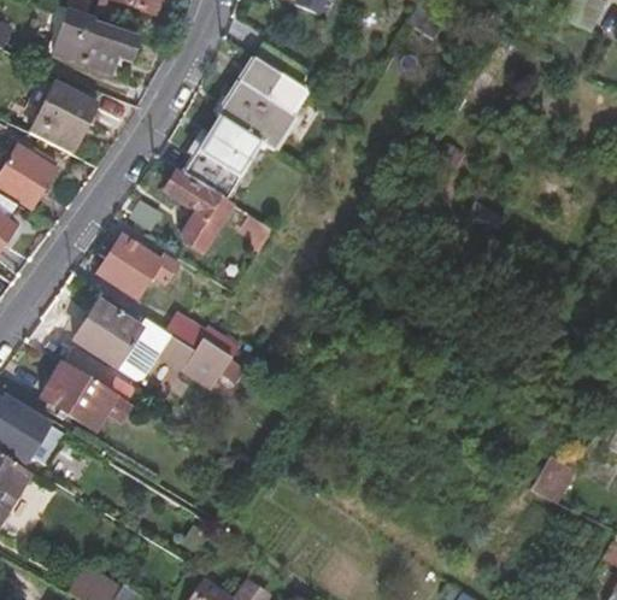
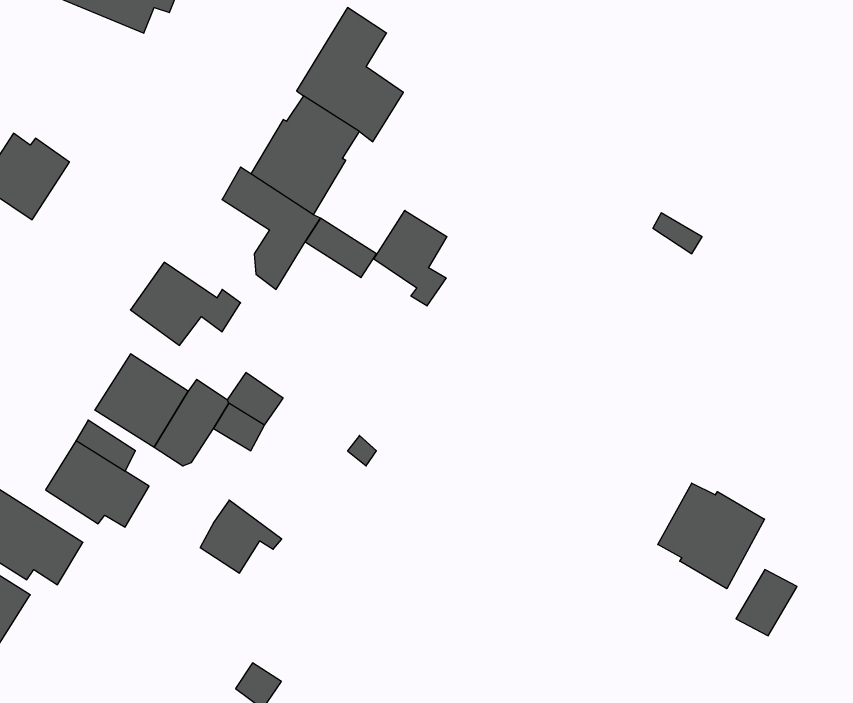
building: [29,84,92,152] -> none
building: none -> [374,210,447,306]
building: [184,336,242,388] -> [200,500,282,573]
building: none -> [658,483,765,589]

